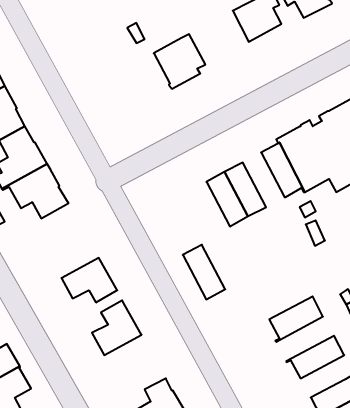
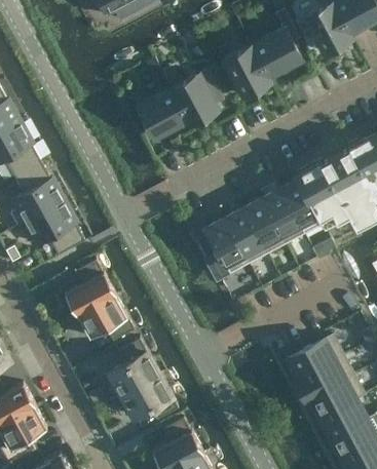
building: none -> [222,46,270,97]
building: none -> [137,89,187,139]
building: none -> [261,190,303,245]
building: none -> [64,261,115,317]
building: [183,245,225,299] -> [204,220,248,275]
building: none -> [295,356,353,401]
building: none -> [120,375,177,422]
building: none -> [319,395,365,438]

